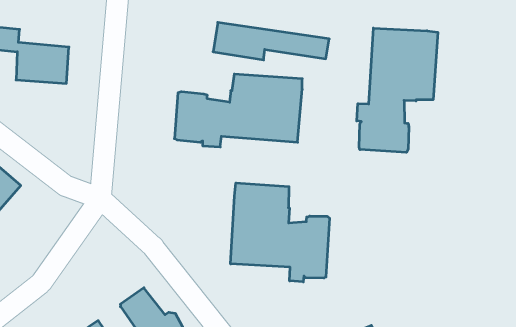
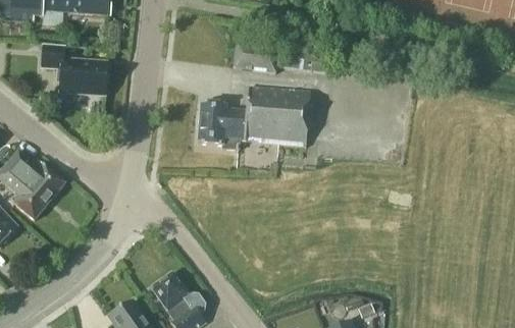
building: [357,28,438,152] -> none
building: [231,183,330,282] -> none

